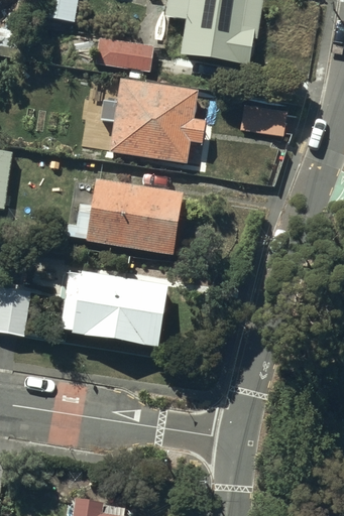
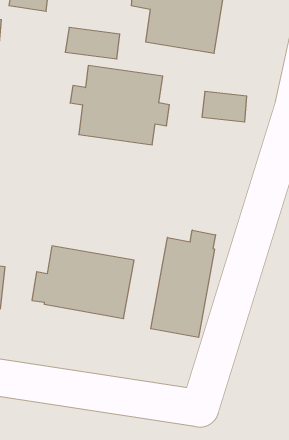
building: [66,177,182,253] -> none
building: none -> [151,230,216,337]

